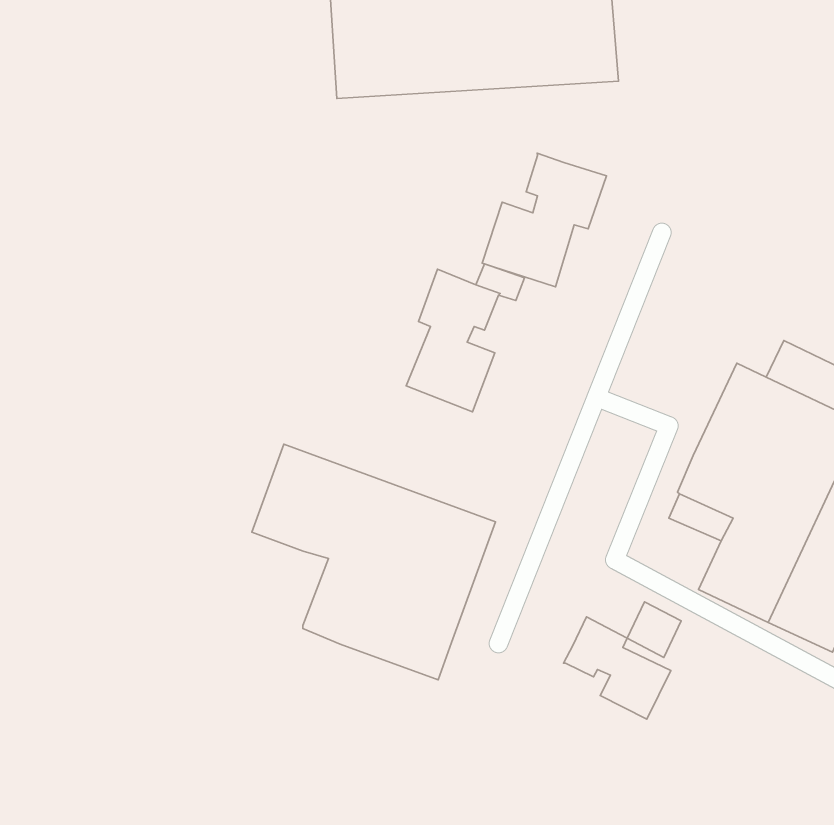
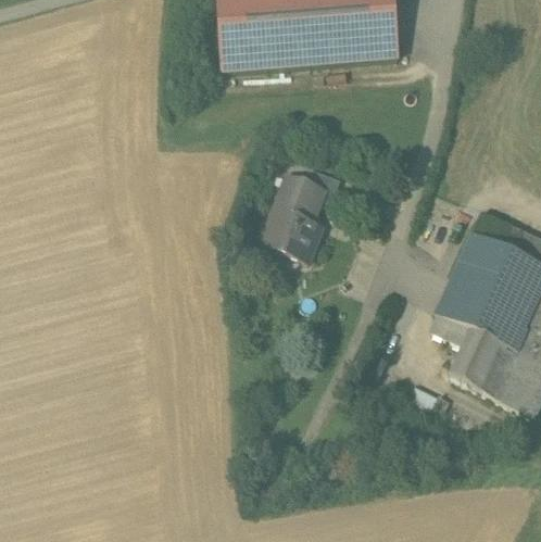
building: [482,153,607,287] -> none
building: [252,444,495,680] -> none
building: [564,617,671,719] -> none

